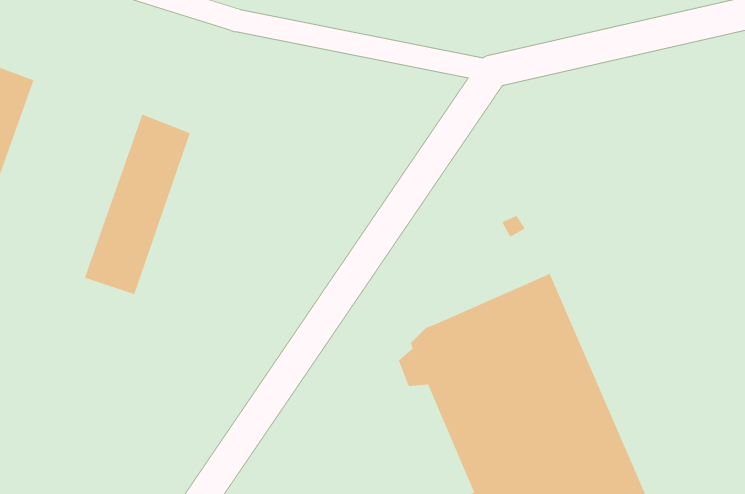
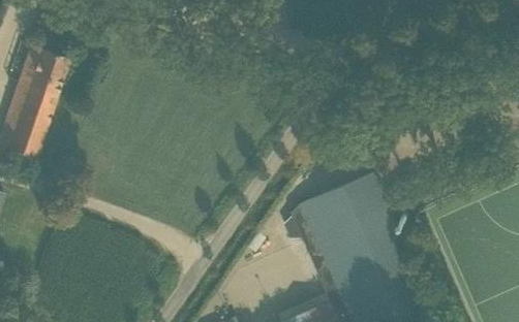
building: [84,114,191,295] -> none

